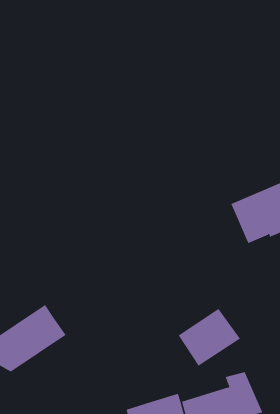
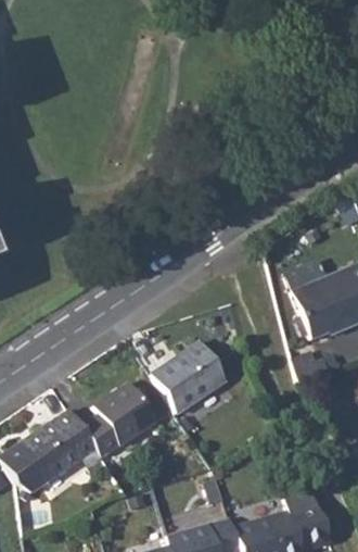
building: none -> [82,385,155,457]
building: [178,308,241,367] -> [152,344,227,414]

